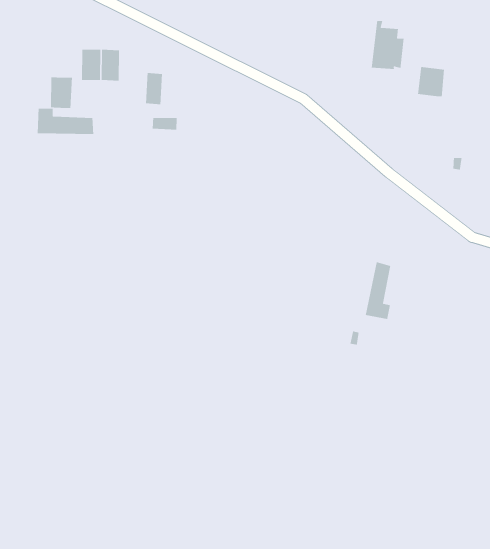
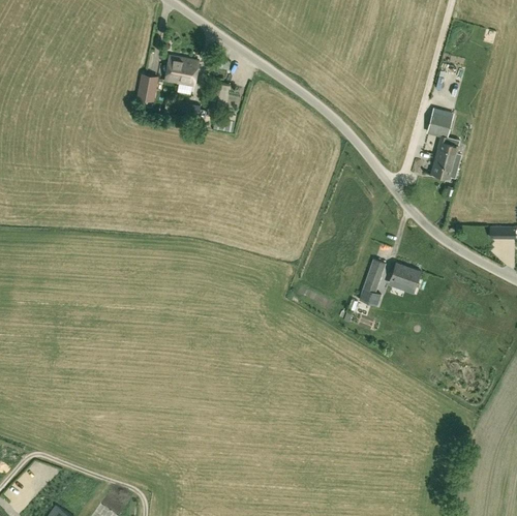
building: [371,20,404,70] -> [431,138,461,179]
building: [37,108,94,135] -> none
building: none -> [390,264,421,290]

